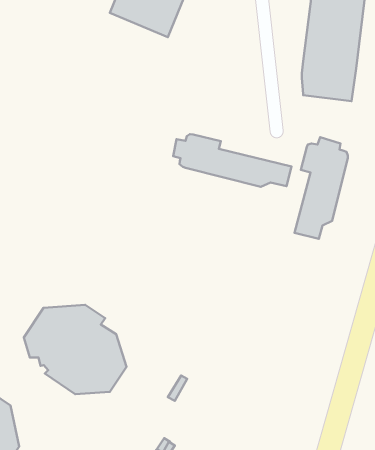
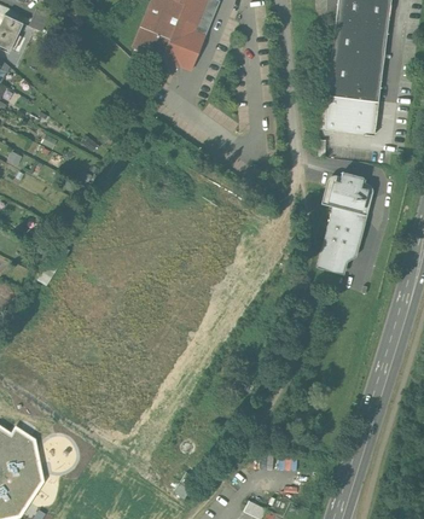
building: [173,134,291,187] -> none
building: [24,305,127,394] -> none

